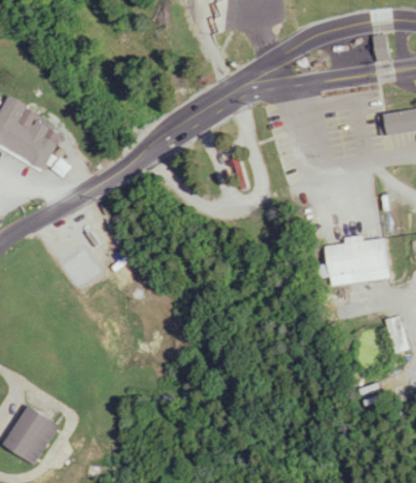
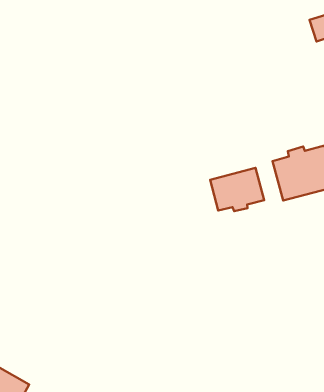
building: none -> [210,168,264,211]

